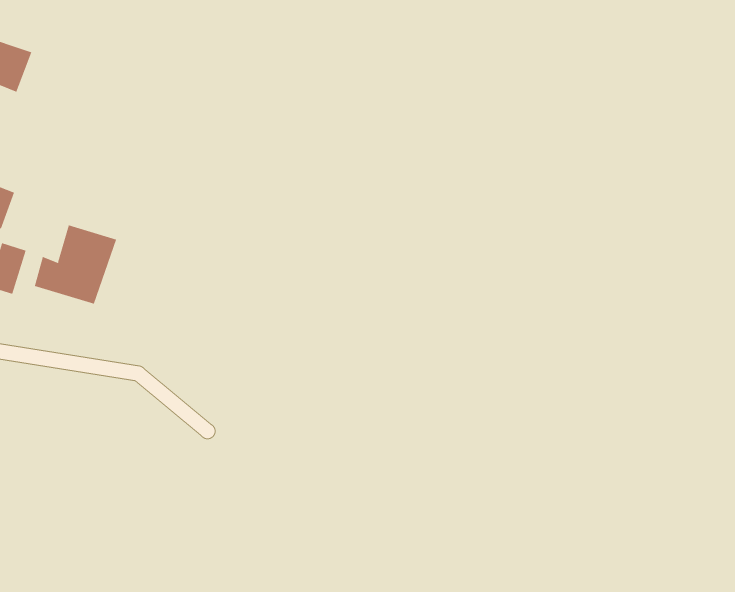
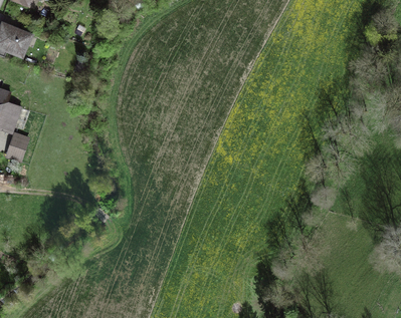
building: [34,225,117,304] -> none

